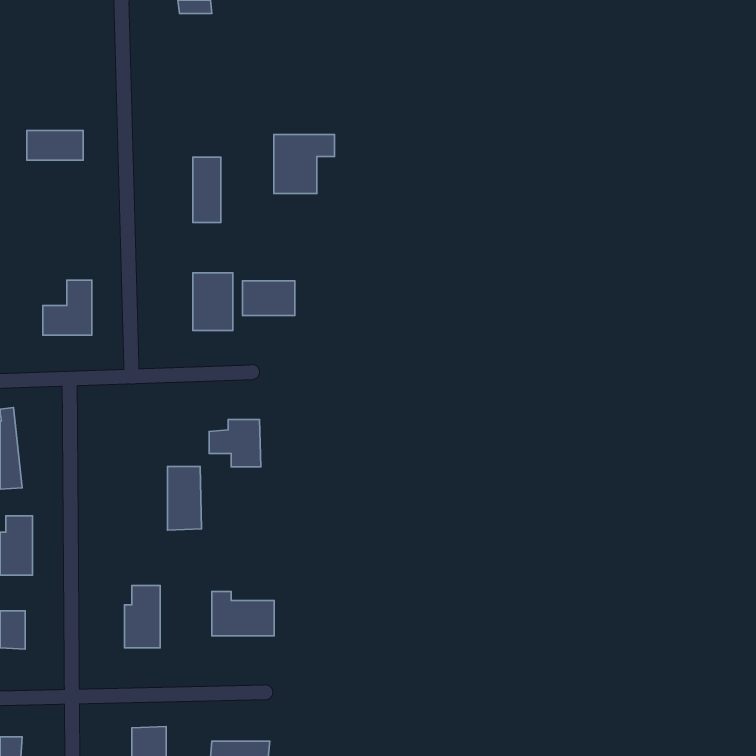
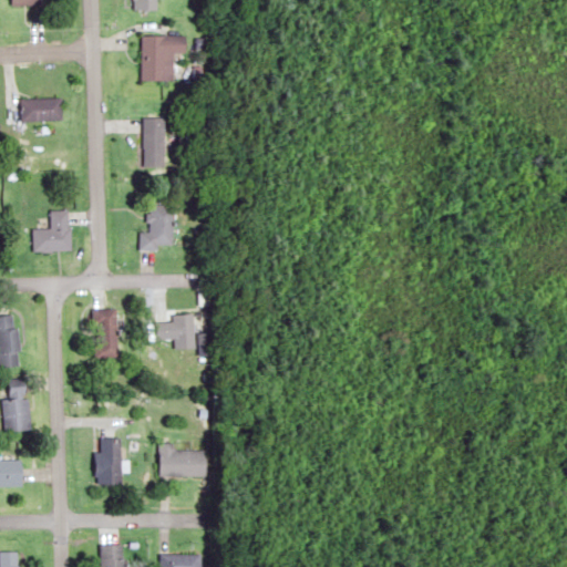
building: [274,134,335,194] -> [143,37,188,81]
building: [243,281,295,316] -> none
building: [168,467,202,530] -> [93,310,118,358]

